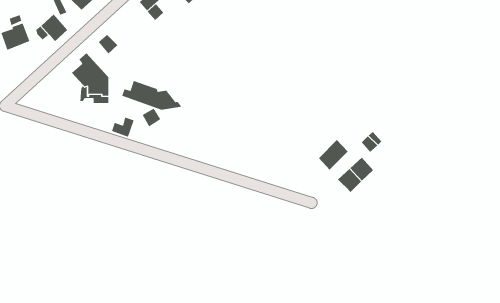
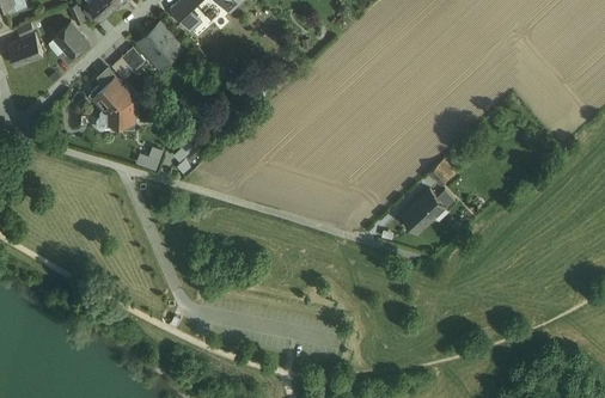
building: none -> [139,26,178,66]
building: [122,80,182,110] -> none
building: [318,139,349,171] -> none

